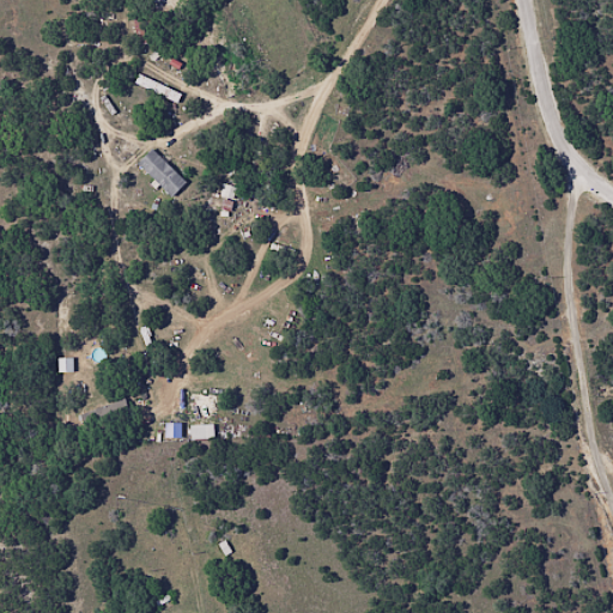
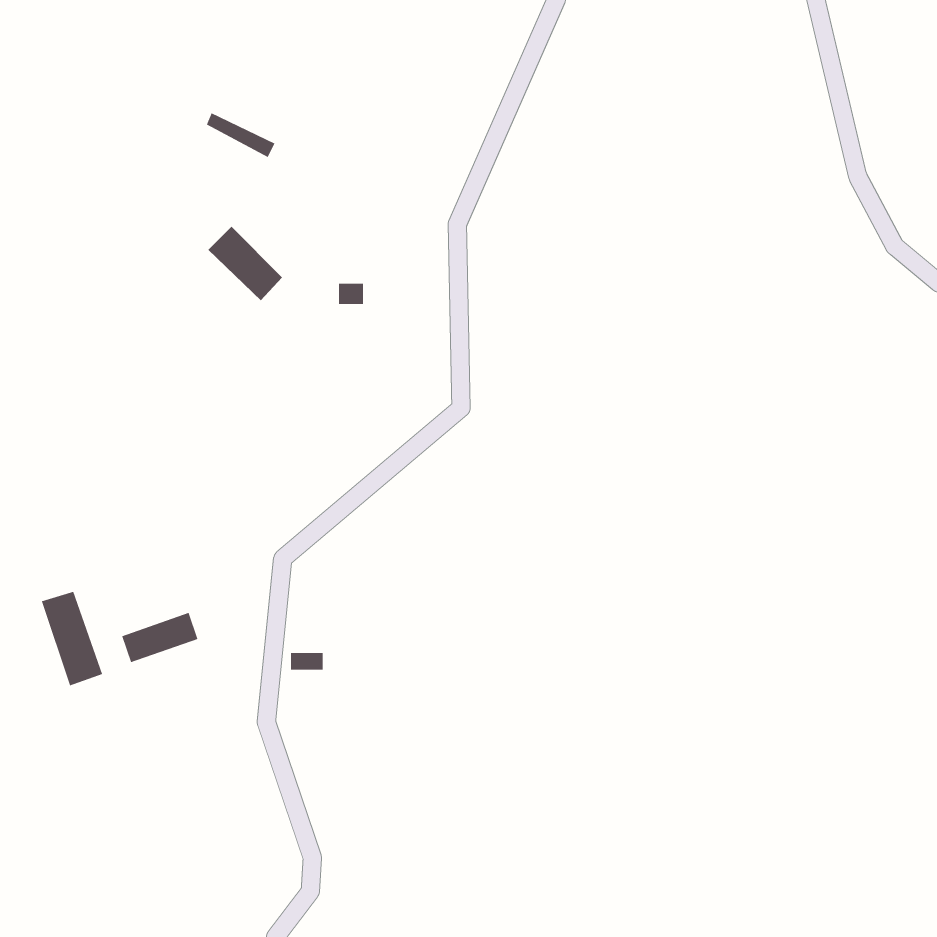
building: none -> [41,591,103,686]

